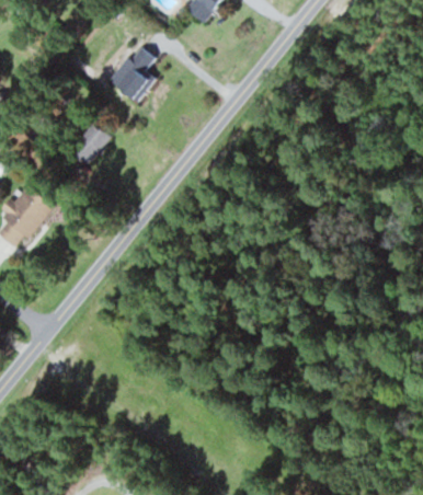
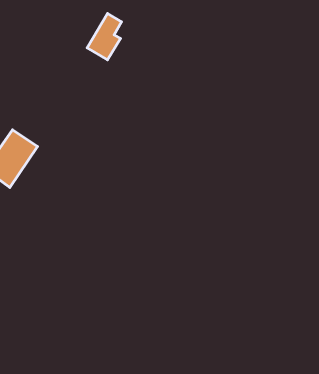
building: [75,127,112,163] -> none

